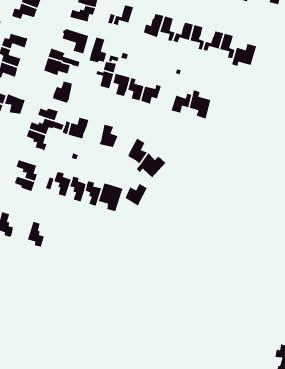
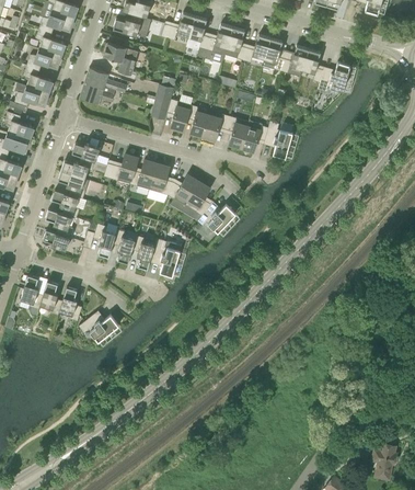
building: none -> [35,29,66,56]
building: [89,36,107,63] -> [186,16,209,50]
building: [52,81,73,104] -> [130,161,157,191]
building: none -> [224,116,249,148]
building: [4,93,26,115] -> none
building: none -> [51,190,79,218]
building: [125,183,148,207] -> [169,175,198,206]
building: none -> [41,282,62,316]
building: none -> [78,311,118,342]

